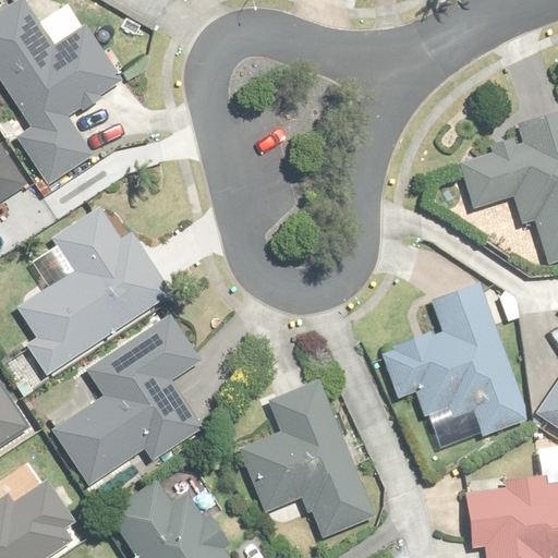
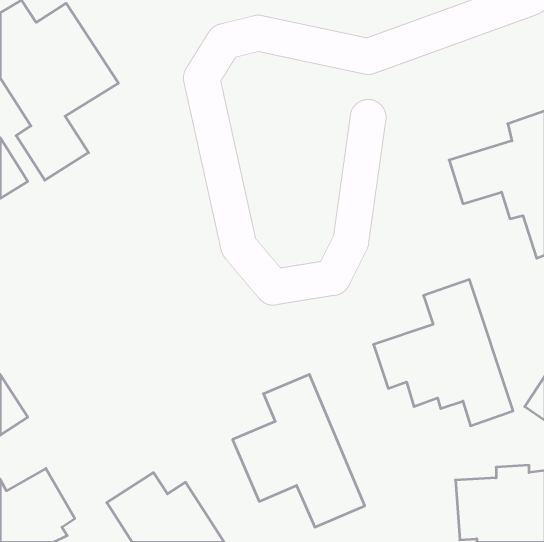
building: [19,210,169,374] -> none
building: [54,315,201,484] -> none

